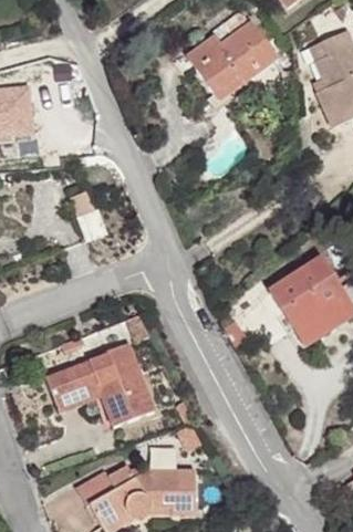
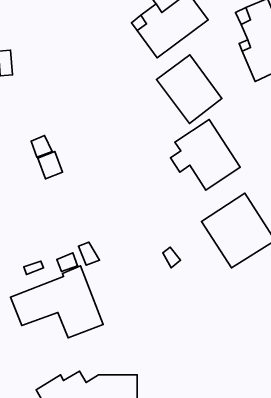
building: none -> [157,55,222,123]
building: none -> [171,120,240,190]

